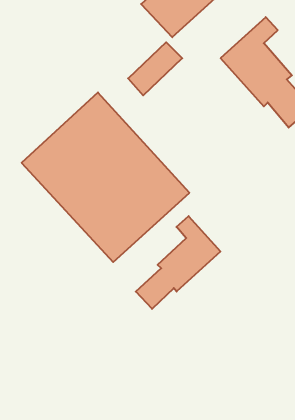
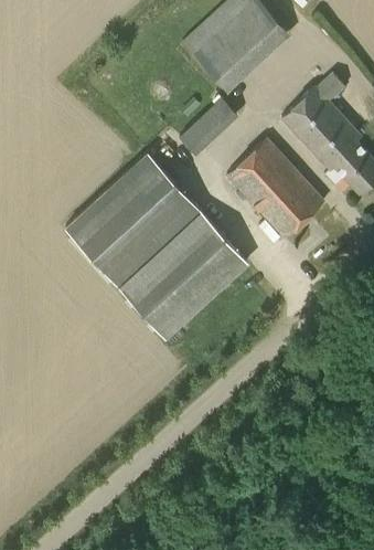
building: none -> [226,139,324,240]
building: [136,216,220,309] -> none

